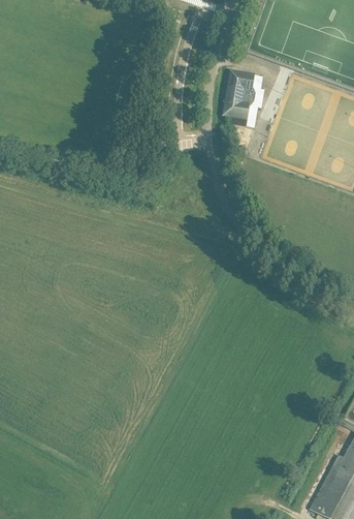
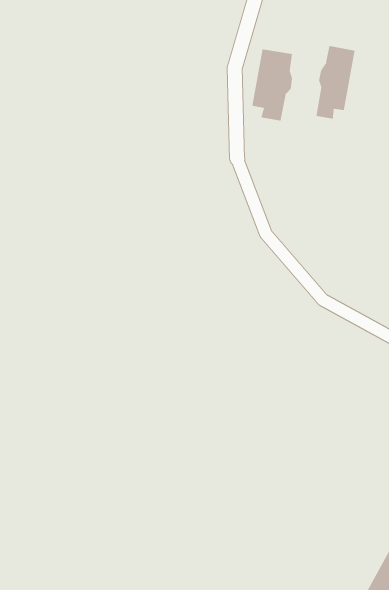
building: none -> [316,45,355,119]

